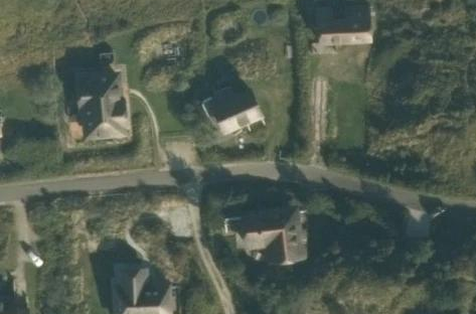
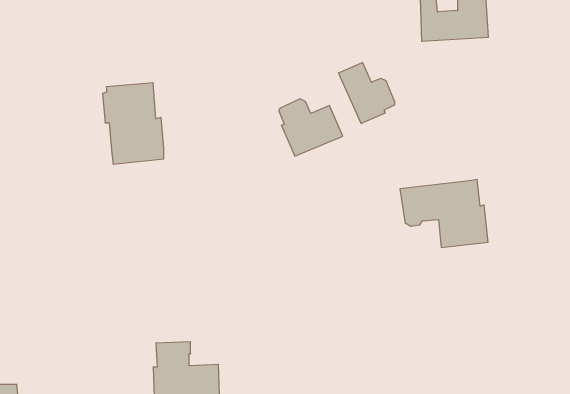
building: none -> [338,62,395,124]
building: [240,212,306,264] -> [400,179,488,248]

